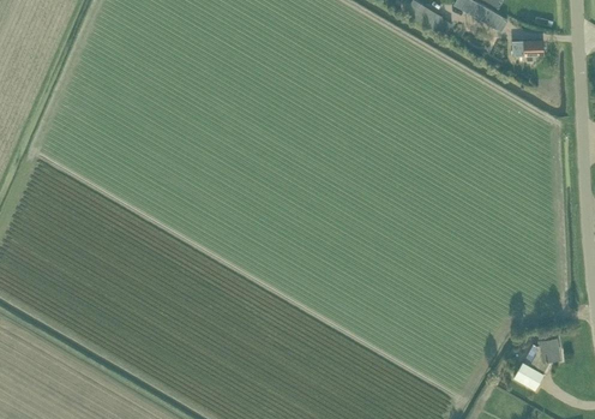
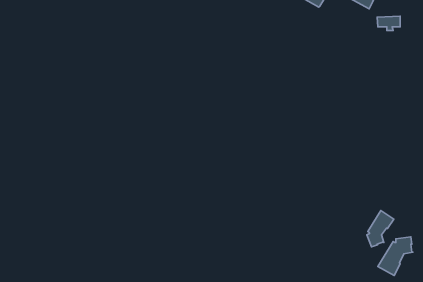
building: none -> [367,210,394,247]

